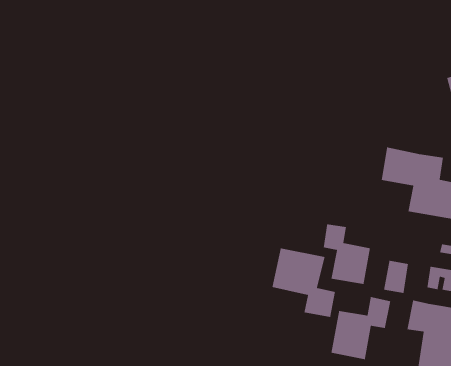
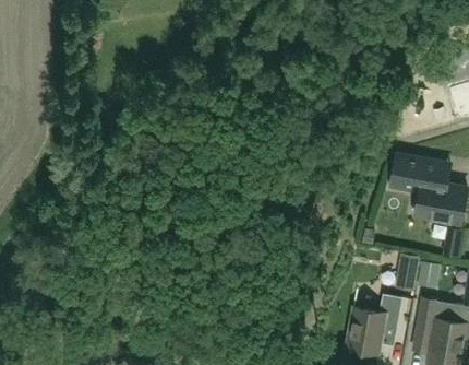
building: [323,224,371,285] -> none
building: [271,247,336,318] -> none

